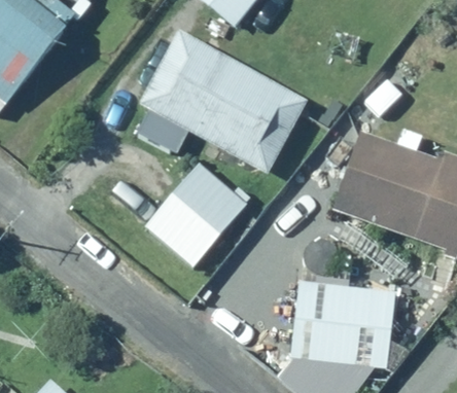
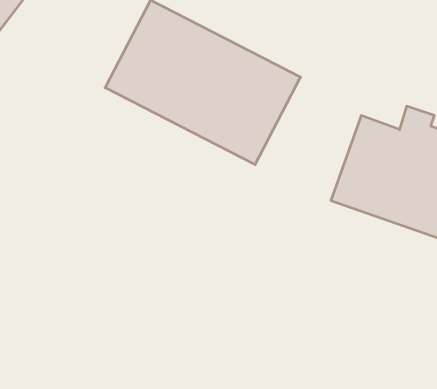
building: [141,165,247,271] -> none
building: [292,280,394,368] -> none

